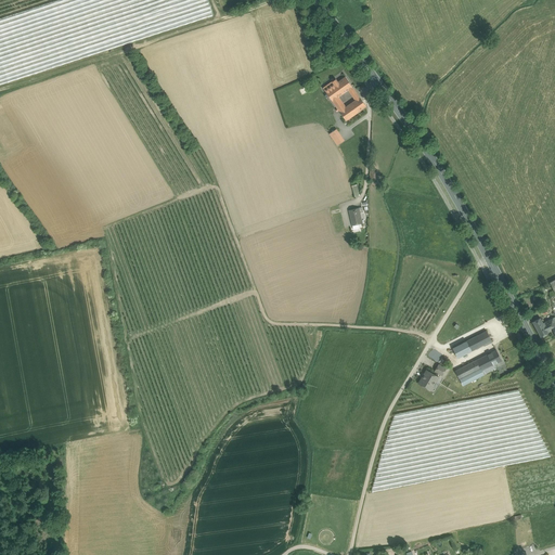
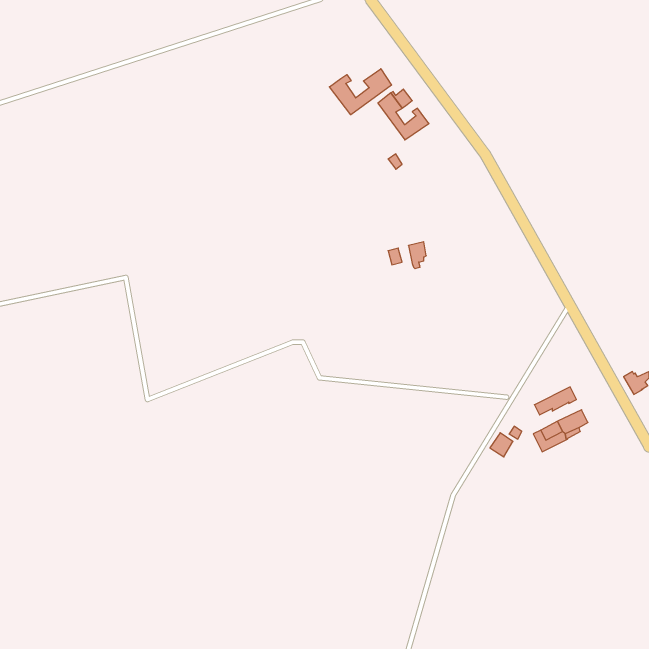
building: none -> [329,69,392,115]

